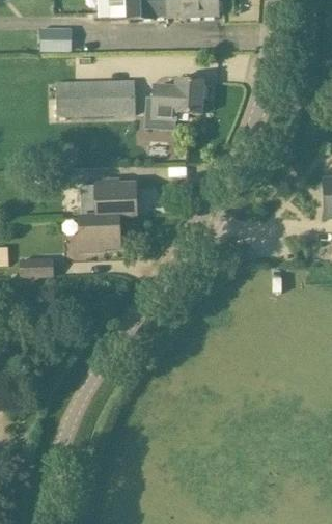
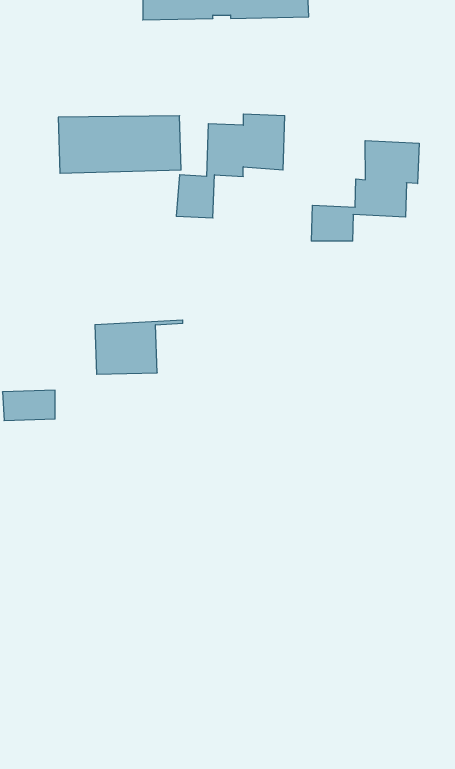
building: [40,30,72,53] -> none
building: none -> [311,141,419,241]
building: [79,183,137,216] -> none

